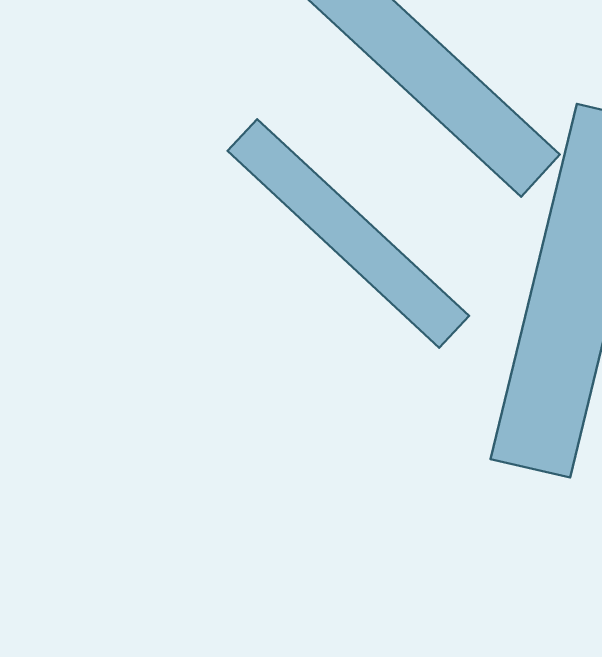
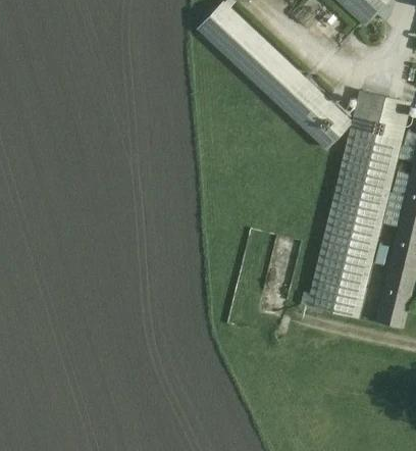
building: [227,119,469,348] -> none

